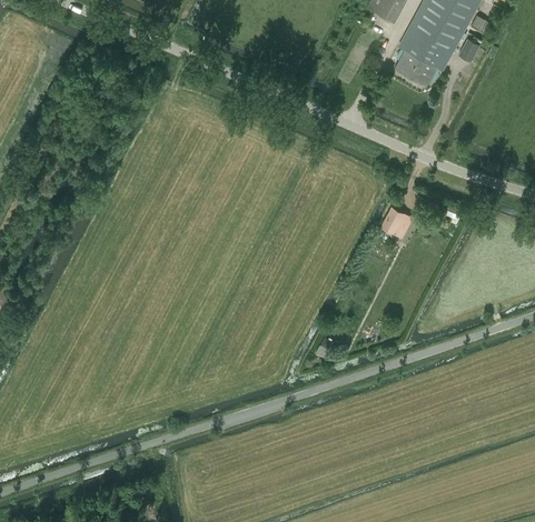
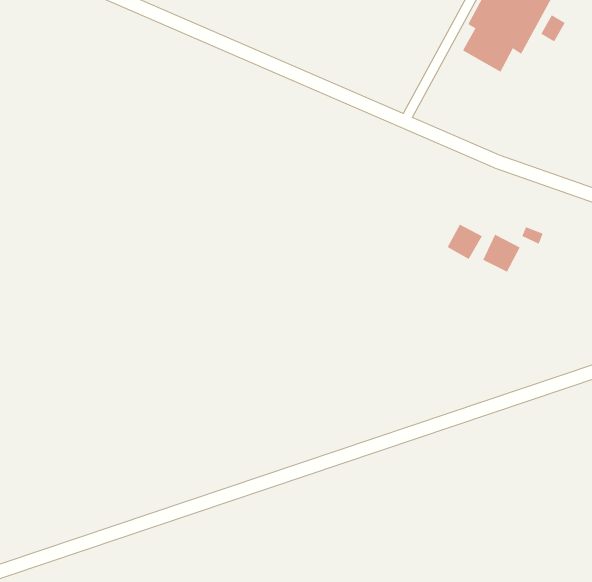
building: none -> [482,234,521,272]

